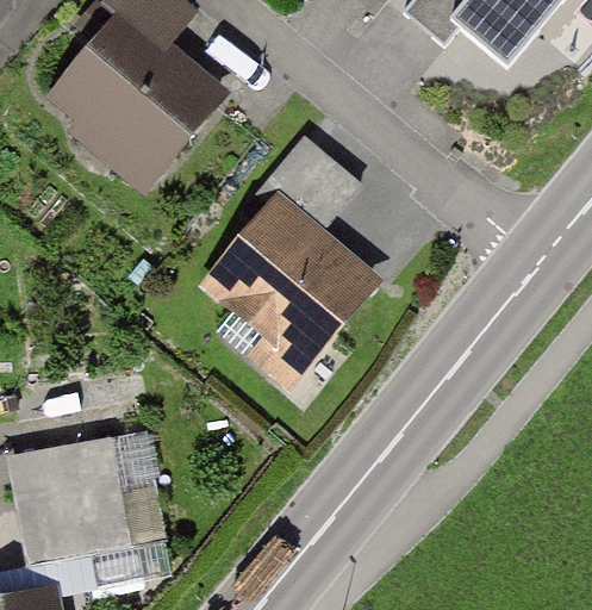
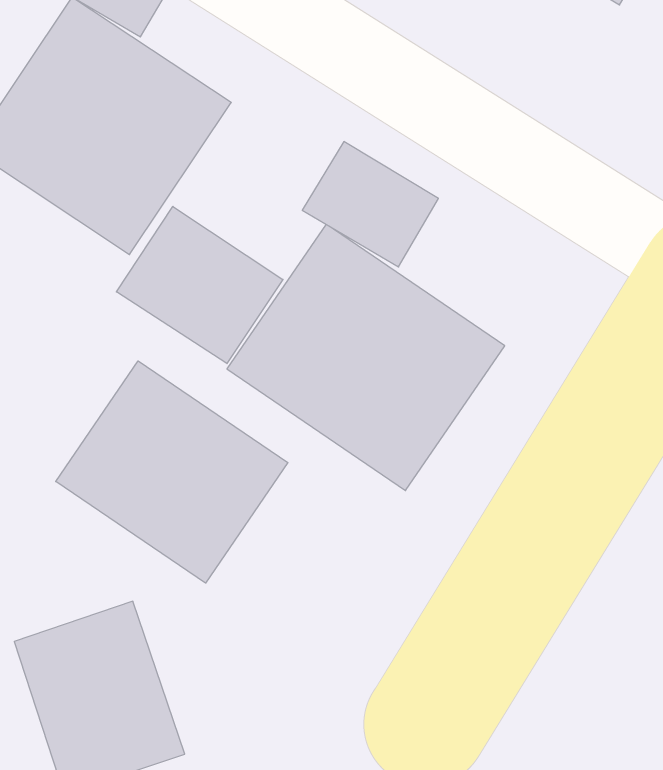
building: none -> [116,206,283,364]
building: none -> [56,361,288,583]

